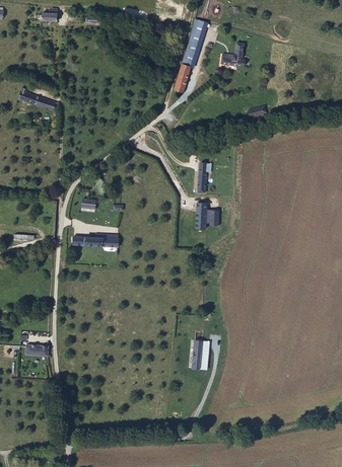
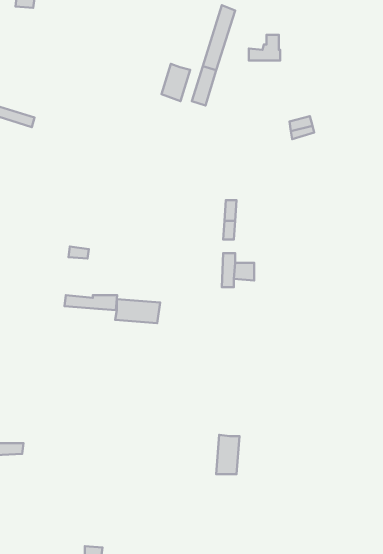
building: none -> [162,64,190,101]
building: none -> [115,299,160,323]

